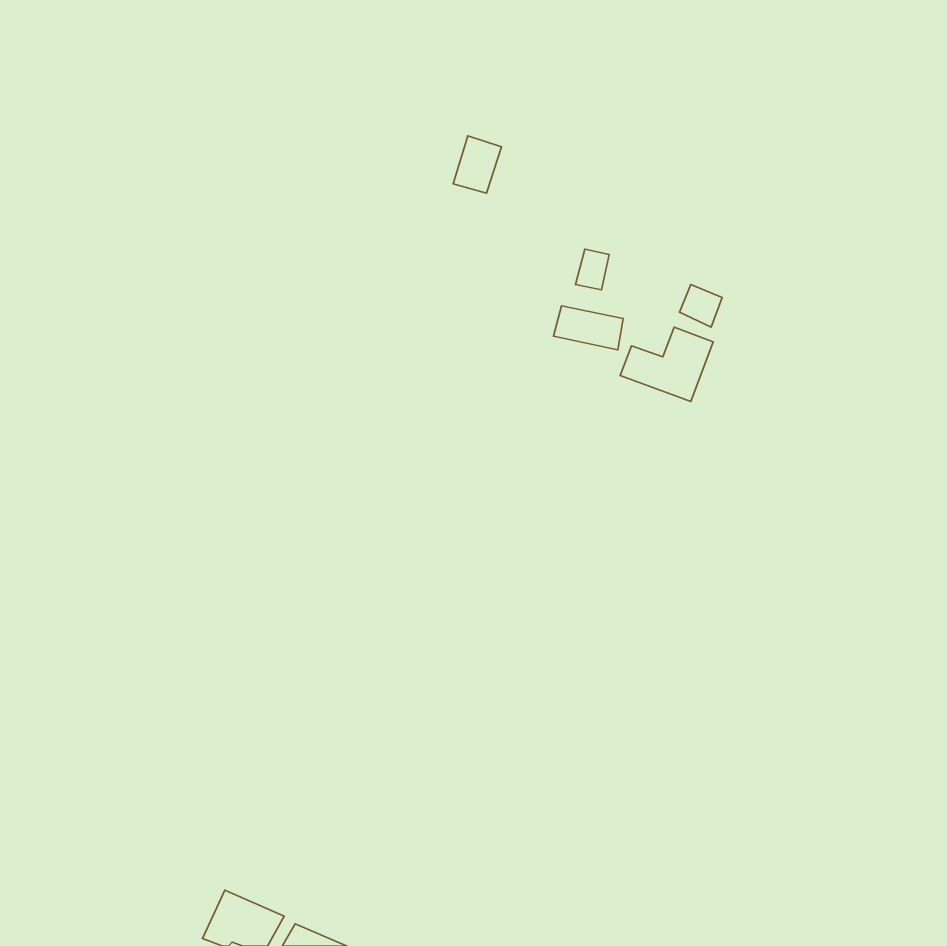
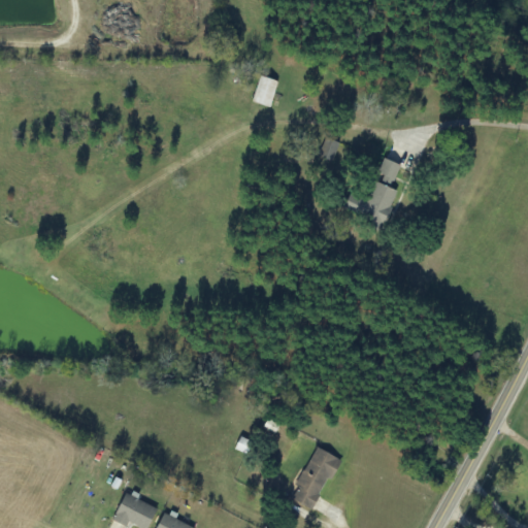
building: [554,306,623,350] -> none
building: none -> [293,448,340,509]

